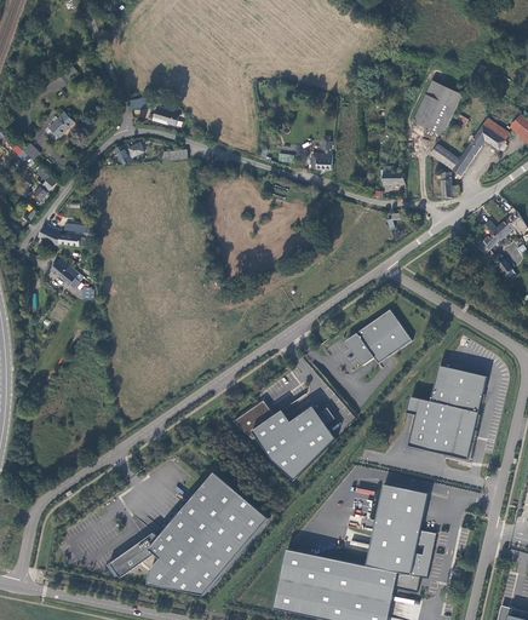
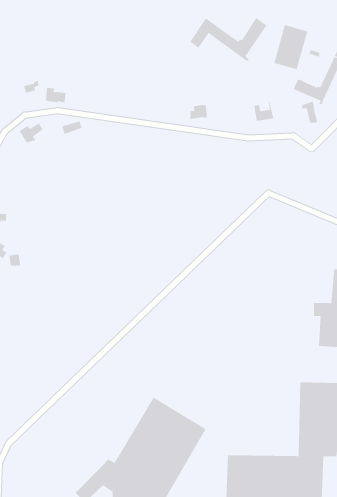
building: none -> [190,17,267,62]
building: [346,309,412,364] -> none
building: [234,401,335,481] -> none

